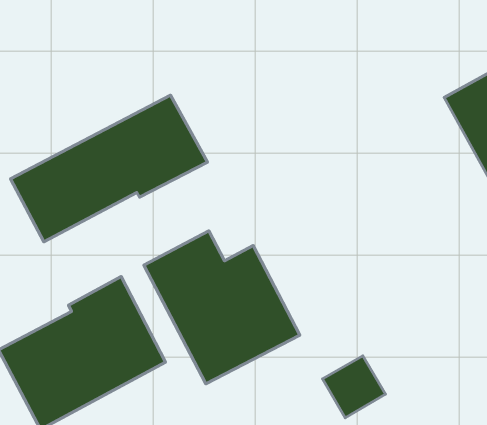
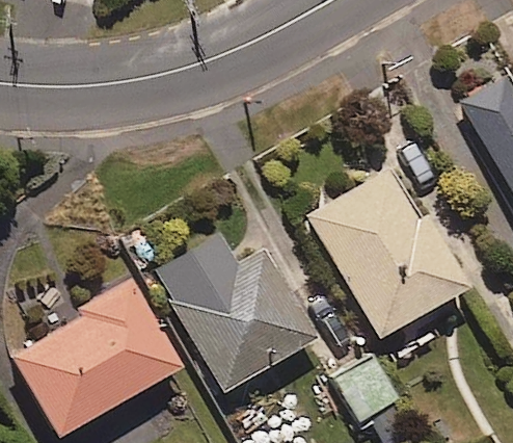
building: [11,95,207,242] -> none
building: none -> [311,167,465,335]

